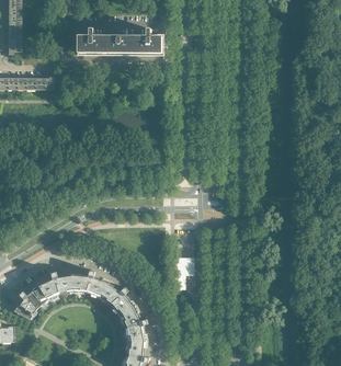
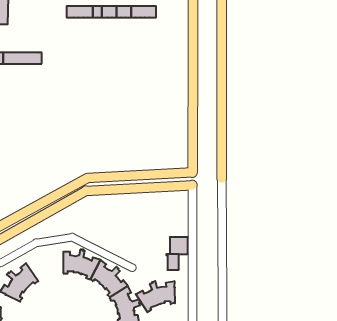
building: [37,271,73,300] -> none
building: none -> [136,281,175,312]

